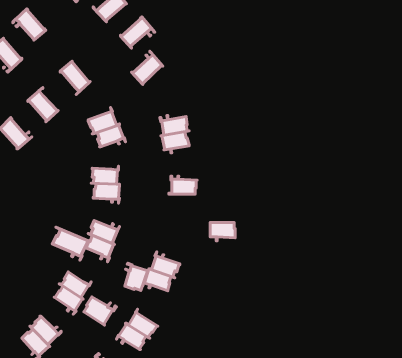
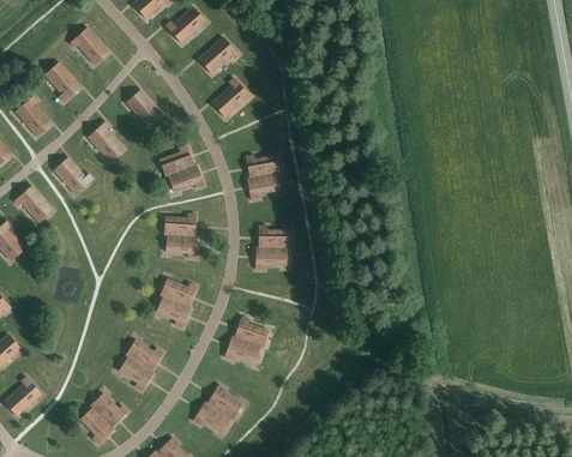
building: [210,223,235,241] -> [255,248,285,270]
building: [52,227,88,260] -> none
building: [125,263,148,290] -> none
building: [84,297,116,325] -> none

